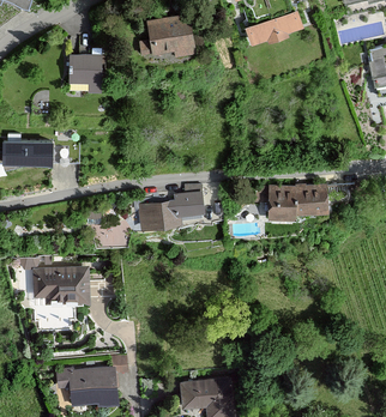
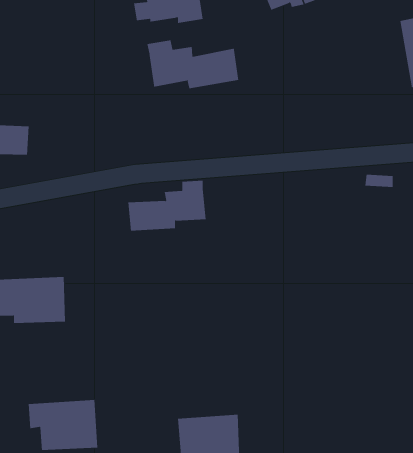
building: [71,55,107,93] -> none
building: none -> [147,40,239,89]
building: [263,187,320,225] -> none

